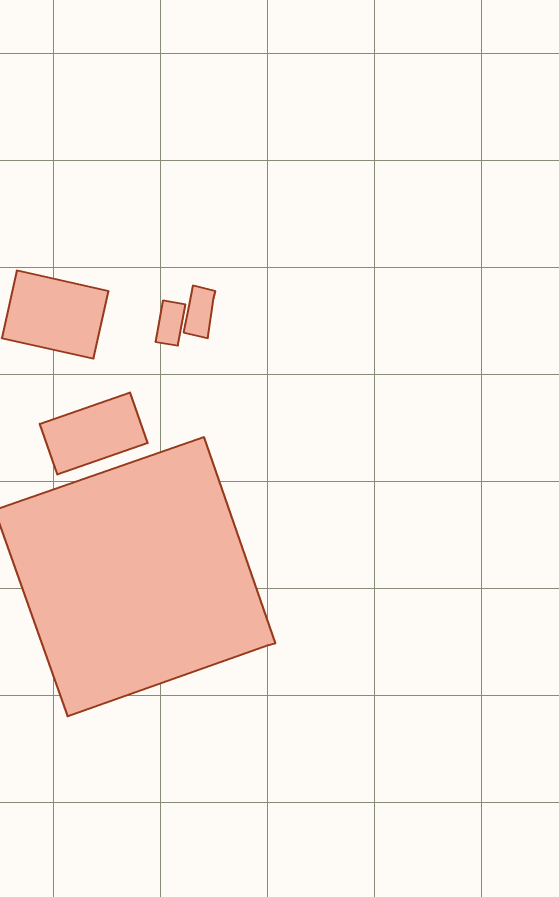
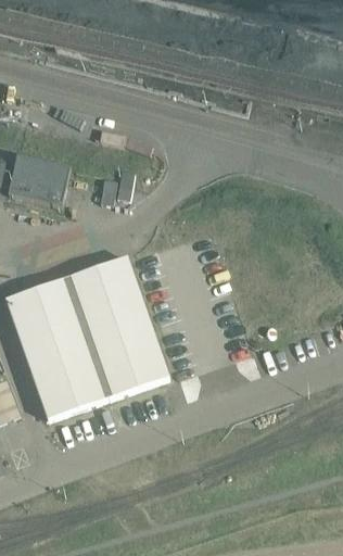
building: [40,392,148,475] -> none

